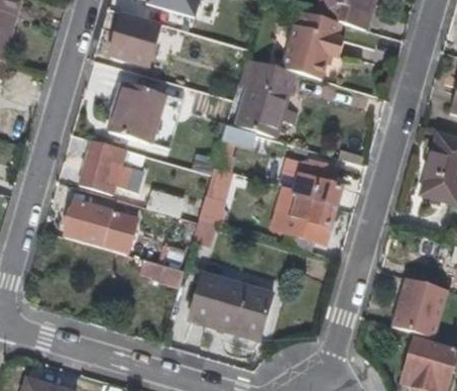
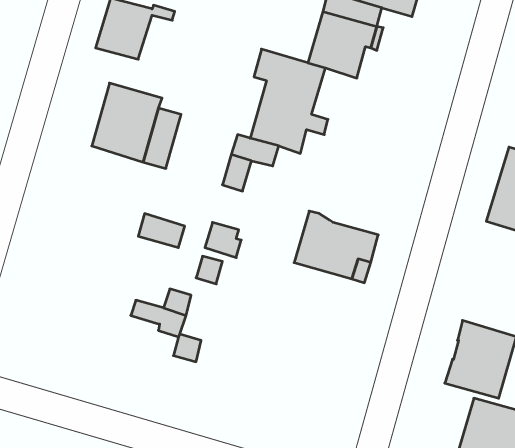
building: [78,137,142,192] -> none
building: [278,157,343,205] -> none
building: [66,198,137,253] -> none
building: [190,273,274,341] -> none

